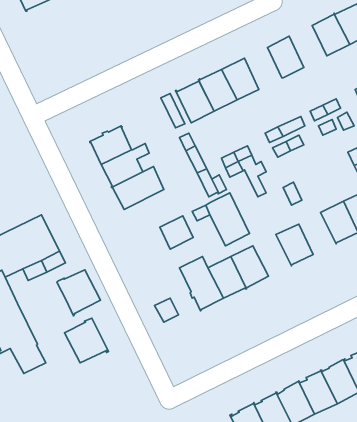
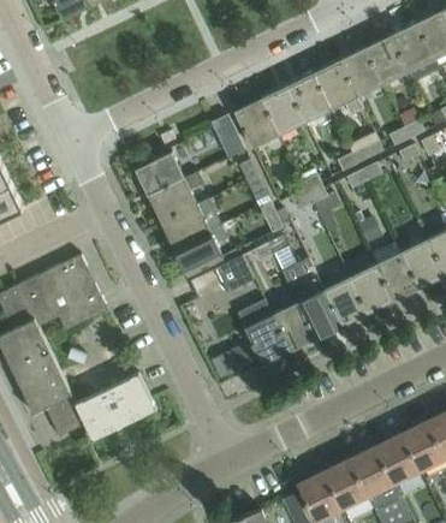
building: none -> [364,36,408,84]
building: none -> [313,61,363,115]
building: none -> [174,225,227,274]
building: none -> [375,251,418,299]
building: none -> [322,277,367,325]
building: [57,270,101,316] -> [73,390,124,442]

